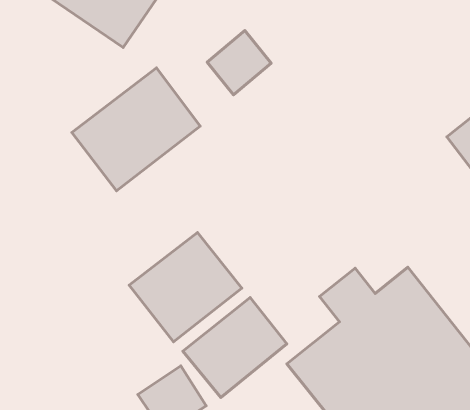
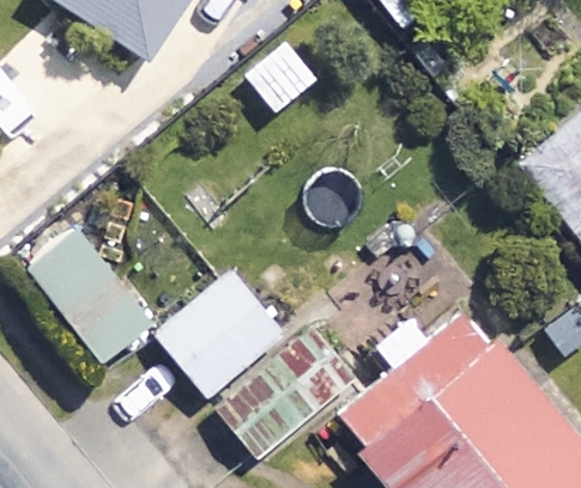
building: [72,68,200,191] -> none
building: none -> [23,224,152,365]

